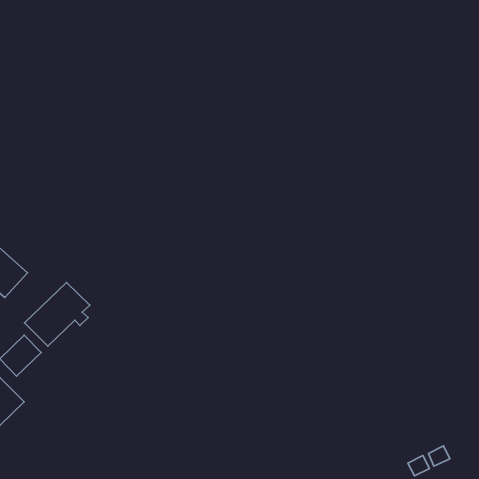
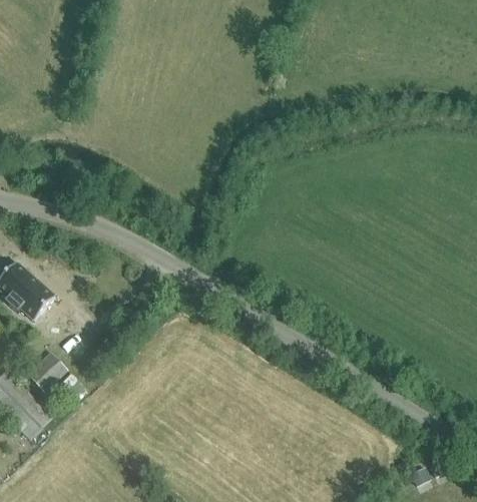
building: [25,283,90,346] -> none

